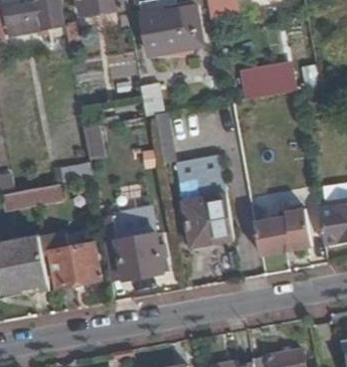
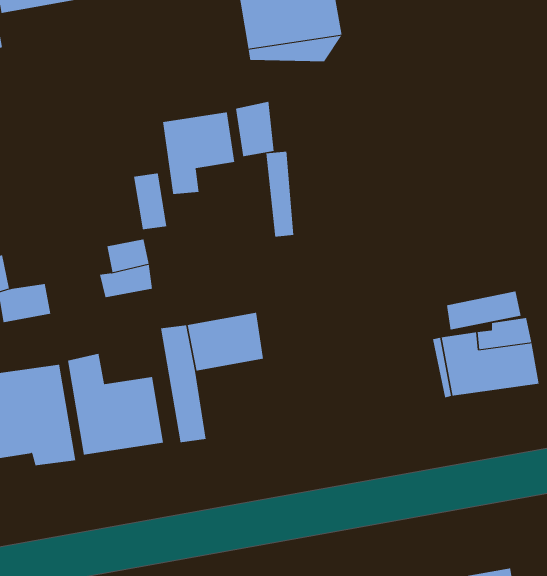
building: [239,65,295,99] -> none
building: none -> [163,111,235,195]
building: [177,154,235,246] -> none
building: [120,230,165,276] -> none

